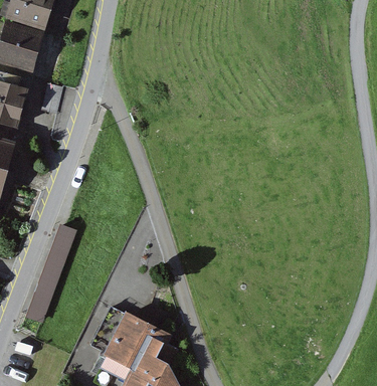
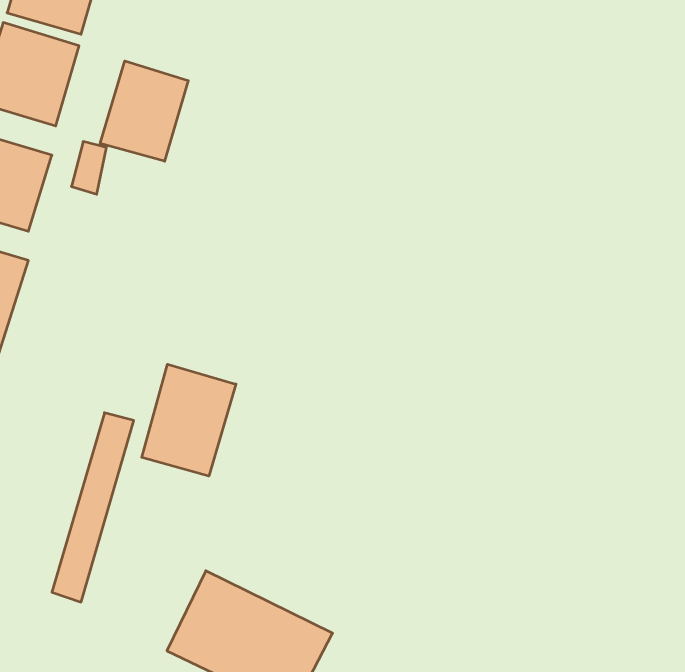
building: none -> [100,61,188,161]
building: none -> [142,364,236,476]

